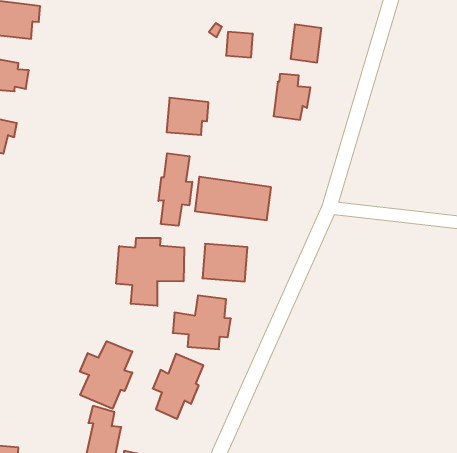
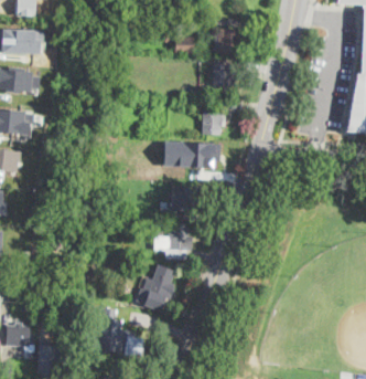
building: [167,98,208,135] -> [196,112,224,136]
building: [158,153,192,226] -> none
building: [116,238,184,306] -> none
building: [80,341,132,409] -> none

